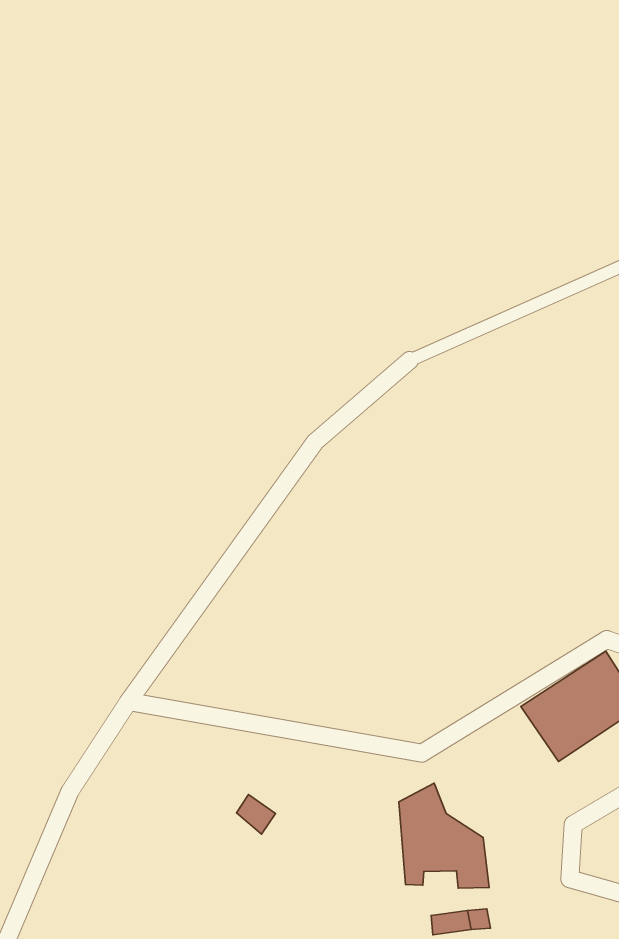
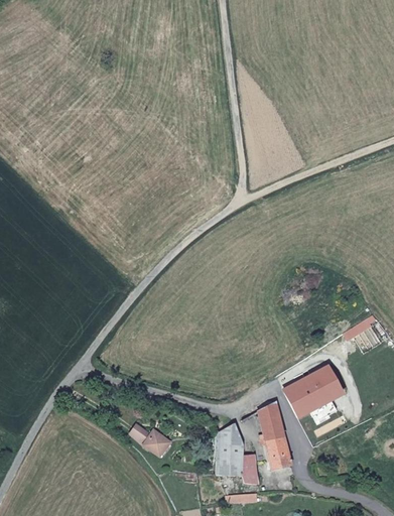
building: none -> [257,401,293,469]
building: none -> [142,430,169,457]

